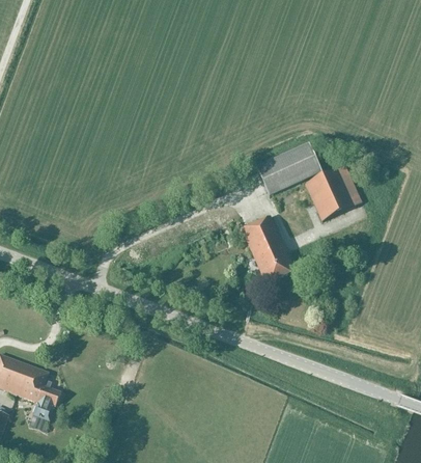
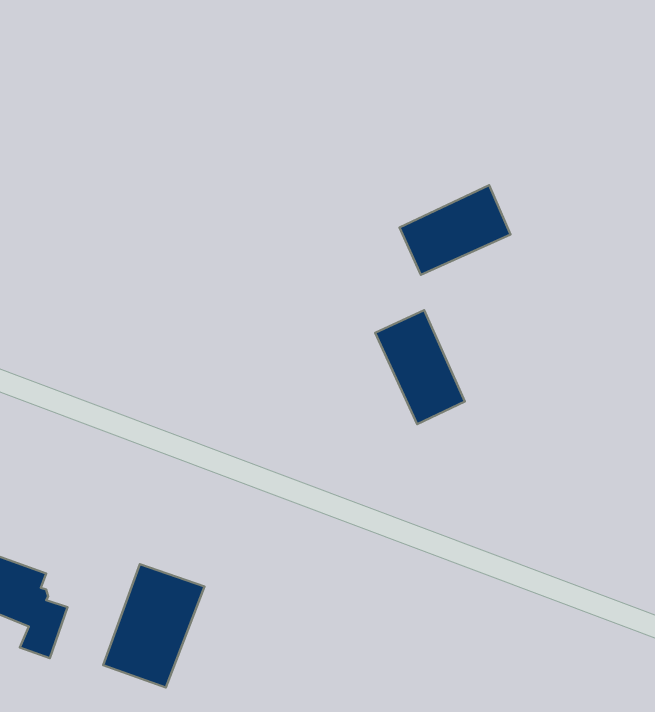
building: [305,164,362,220] -> none
building: none -> [103,564,204,687]

